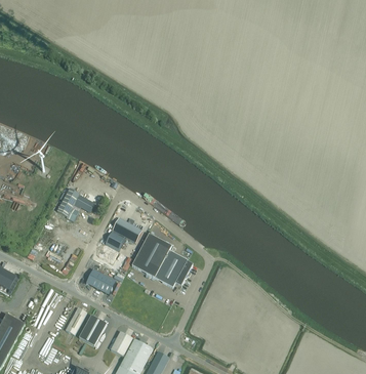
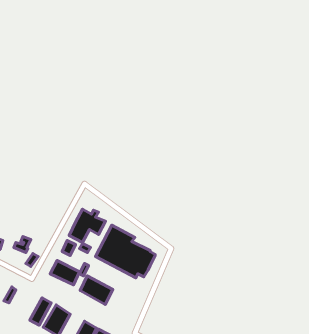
building: [56,189,93,221] -> none
building: none -> [80,276,113,304]

